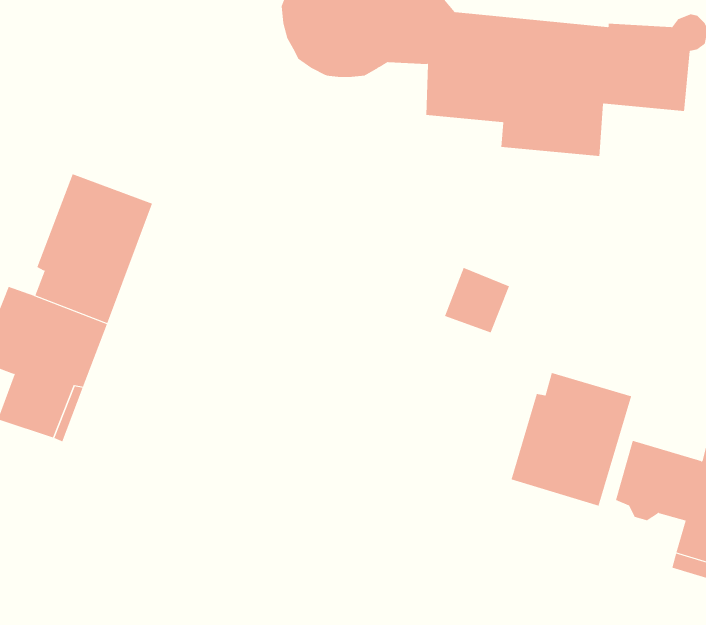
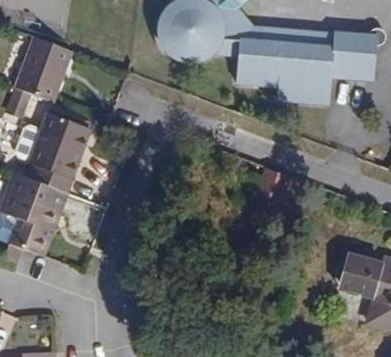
building: none -> [14,35,73,102]
building: [511,372,632,507] -> none

